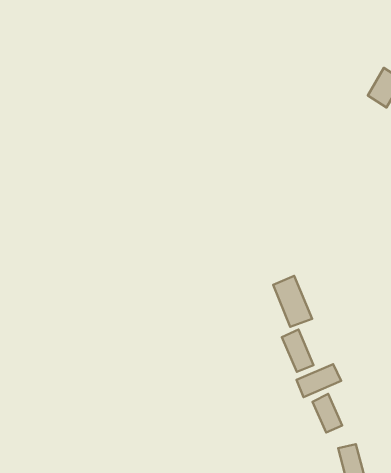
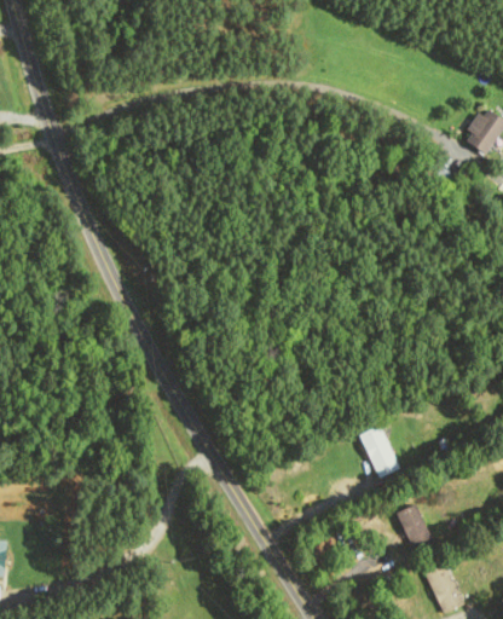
building: [273,276,312,327] -> none
building: [297,364,341,397] -> none

